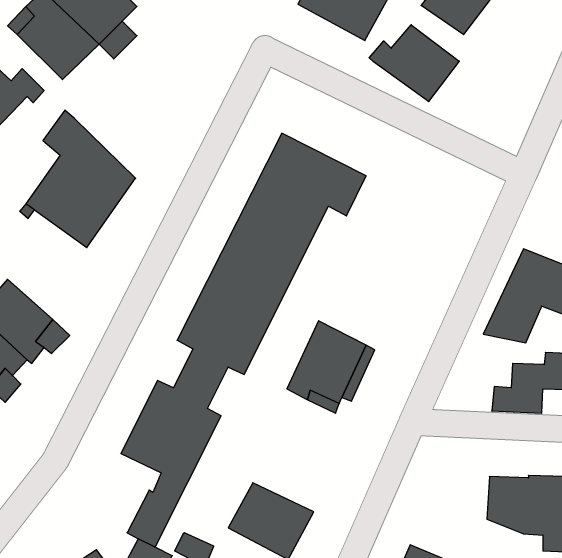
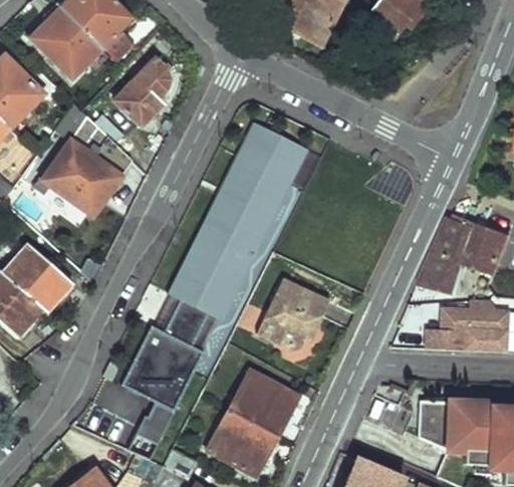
building: [369,25,459,102] -> none
building: none -> [115,56,171,126]
building: none -> [229,369,300,434]

